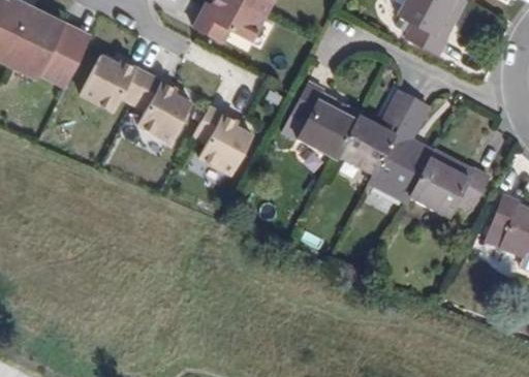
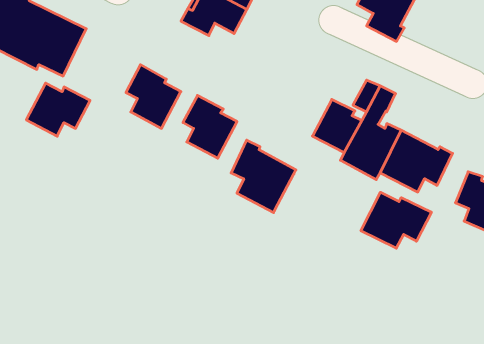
building: [84,58,152,115] -> [26,83,90,136]
building: [289,77,359,155] -> [231,140,296,213]
building: none -> [361,192,431,248]

